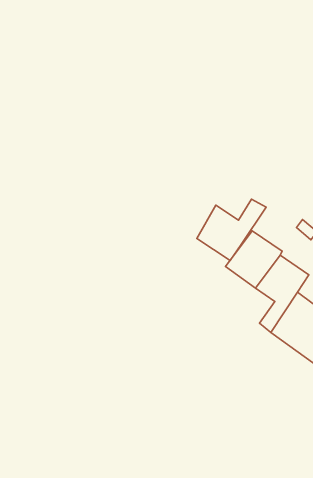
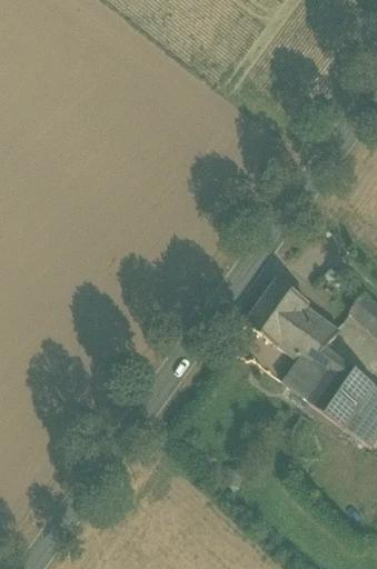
building: [197,199,266,260] -> none

